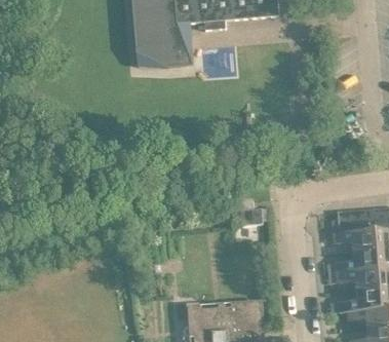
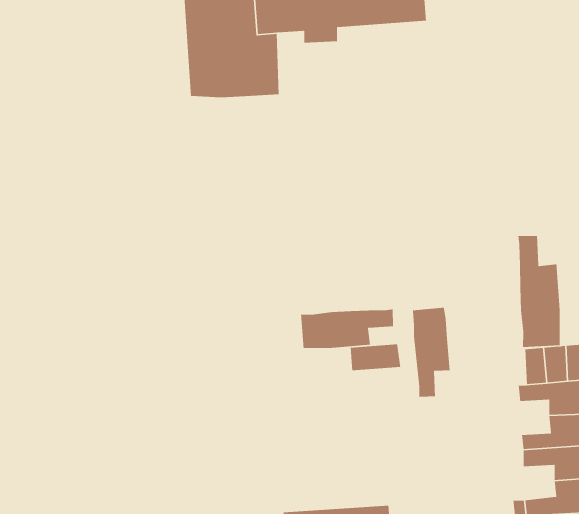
building: none -> [518,235,561,348]
building: none -> [412,307,450,398]
building: none -> [300,308,394,349]

